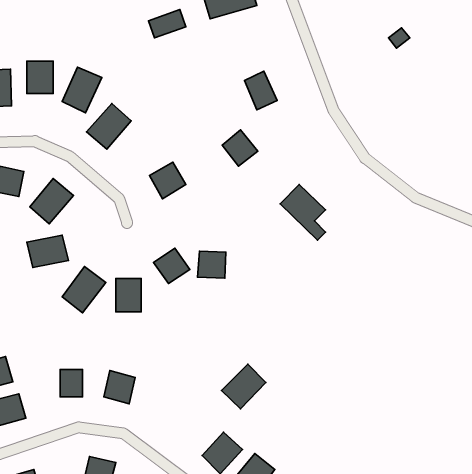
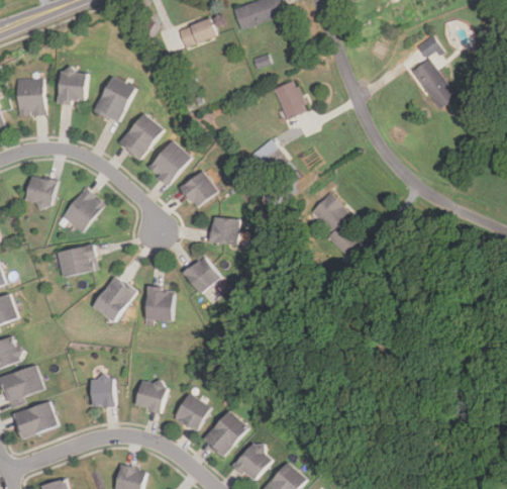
building: none -> [412,58,457,108]
building: none -> [146,139,190,185]
building: [198,251,226,278] -> [210,216,238,243]
building: [221,364,266,409] -> [202,410,246,455]
building: none -> [173,393,208,430]

